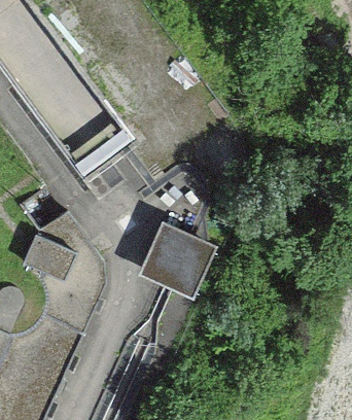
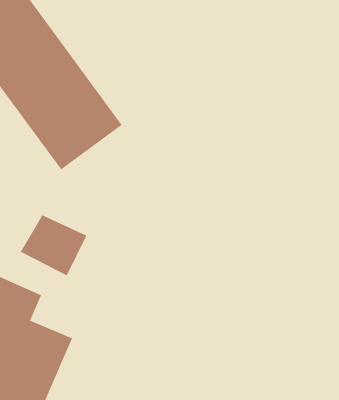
building: [145,219,223,300] -> none

